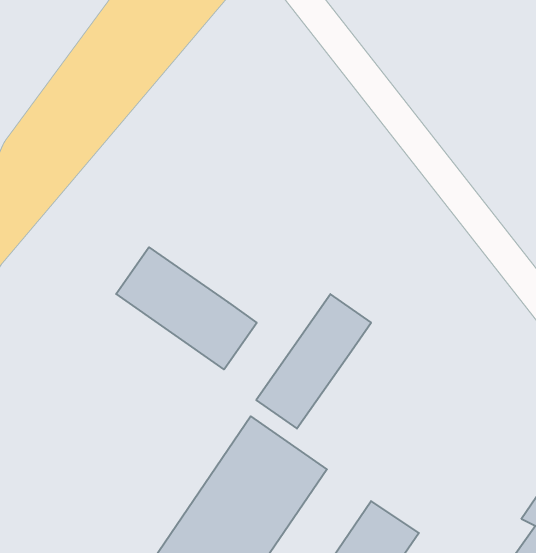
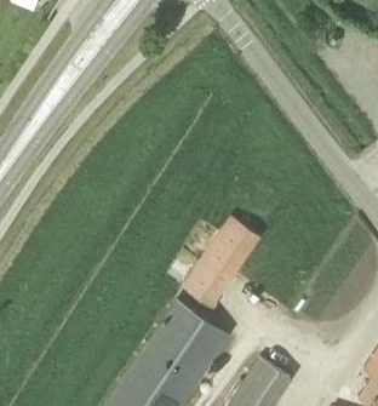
building: [116,247,257,369] -> none

